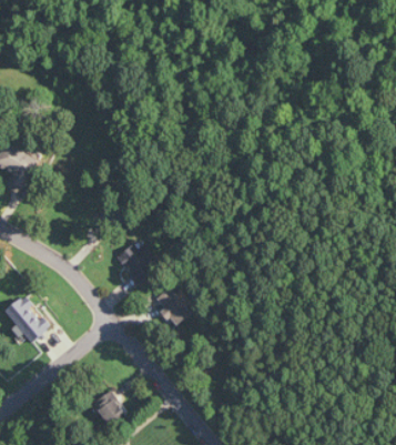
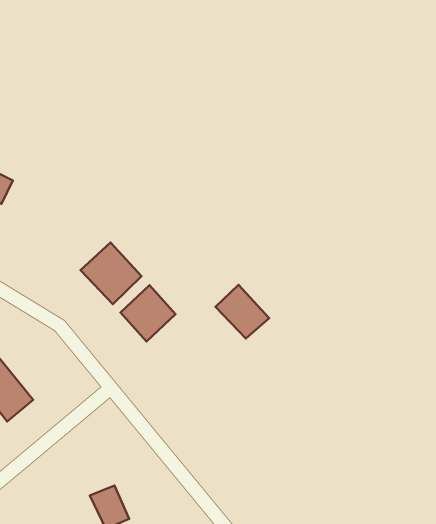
building: none -> [80,242,141,304]
building: [149,286,190,327] -> [215,285,269,339]

